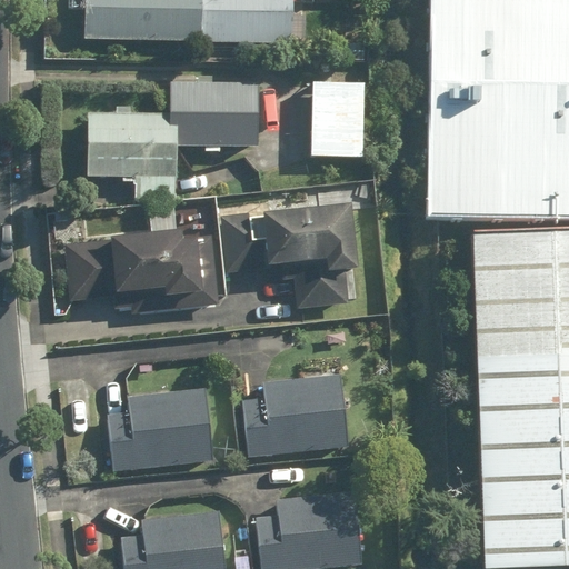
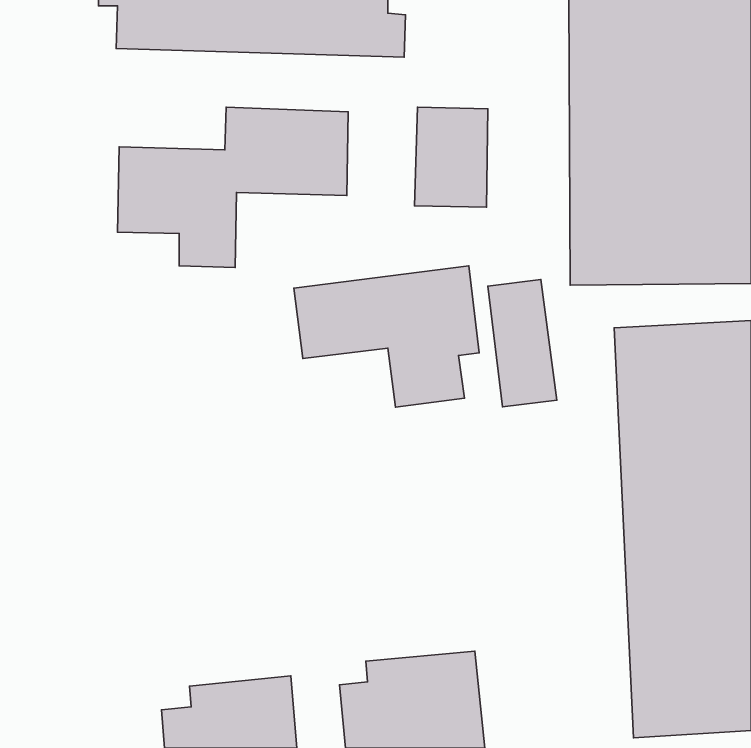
building: [66,206,207,311] -> none
building: none -> [488,280,557,407]
building: [241,371,350,459] -> none
building: [109,389,213,472] -> none

